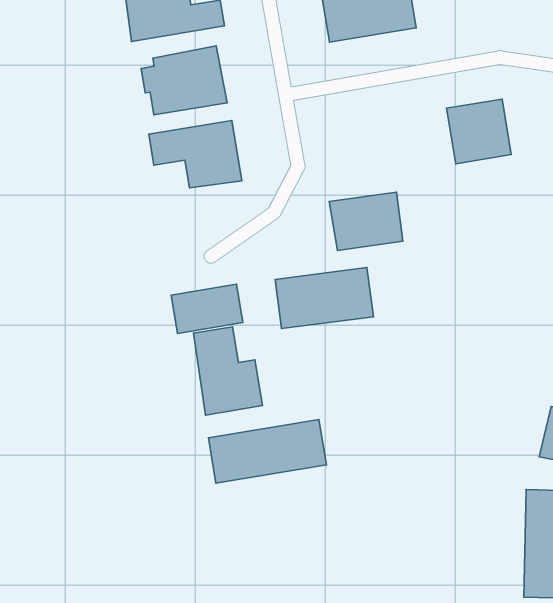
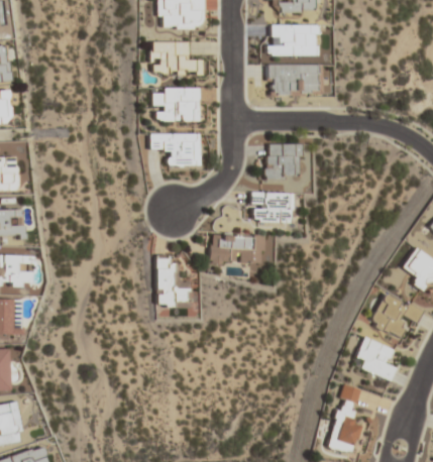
building: [447,99,511,164] -> [265,144,300,179]
building: [171,284,243,333] -> none
building: [208,420,326,483] -> none

